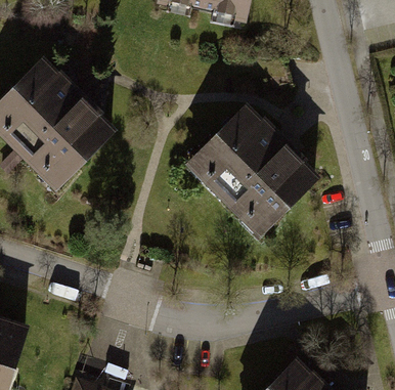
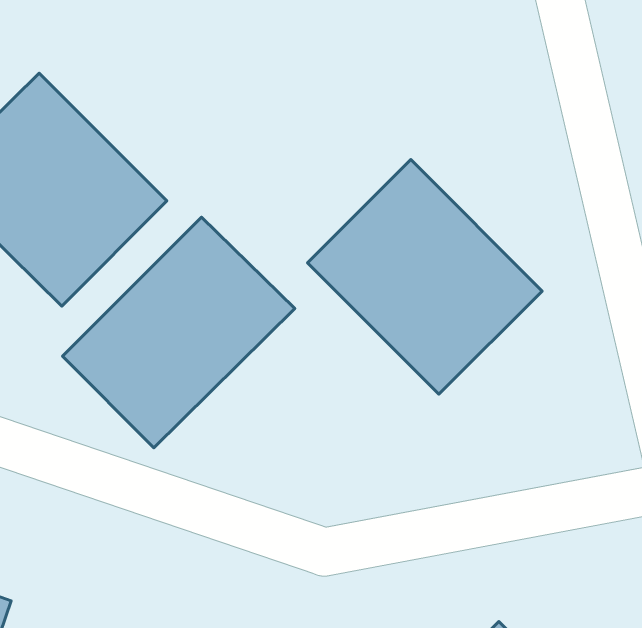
building: none -> [62,217,295,448]

